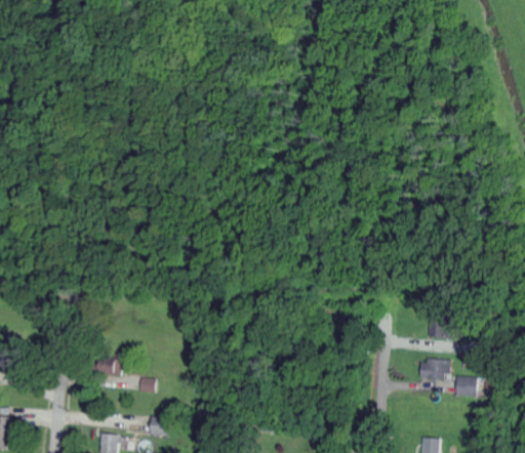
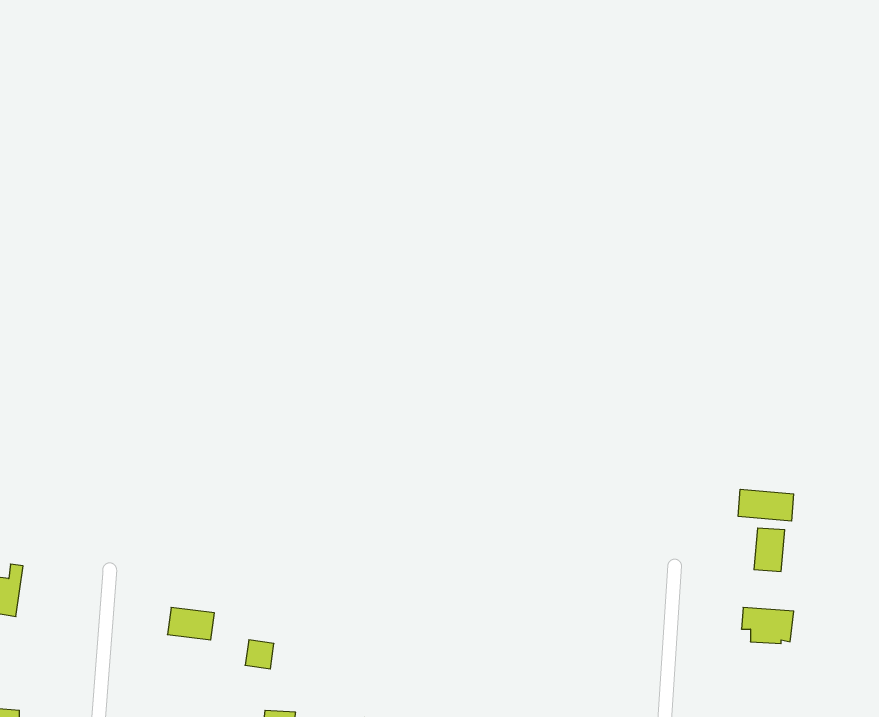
building: none -> [738,489,794,521]
building: [456,376,478,397] -> none

